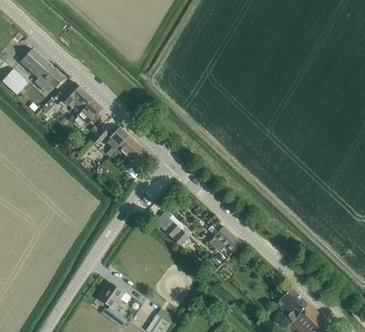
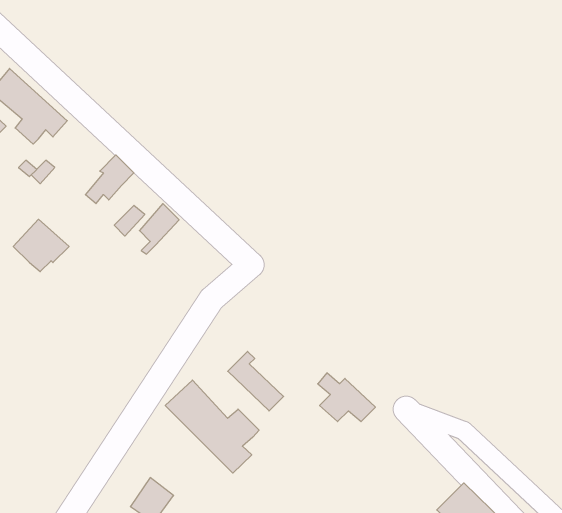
building: [60,82,92,112] -> [13,219,69,272]
building: [115,134,149,167] -> none
building: none -> [165,380,259,473]

